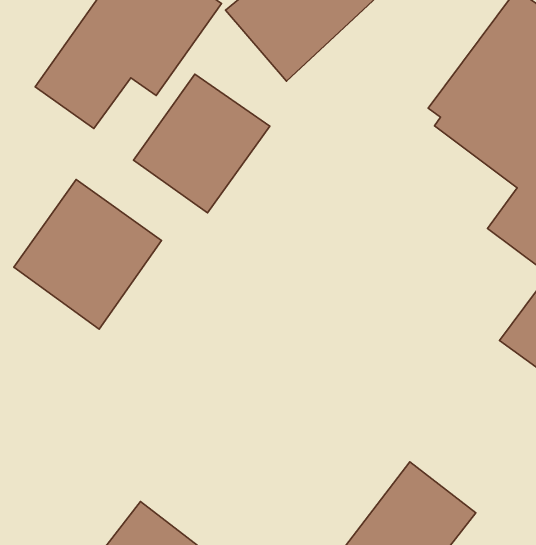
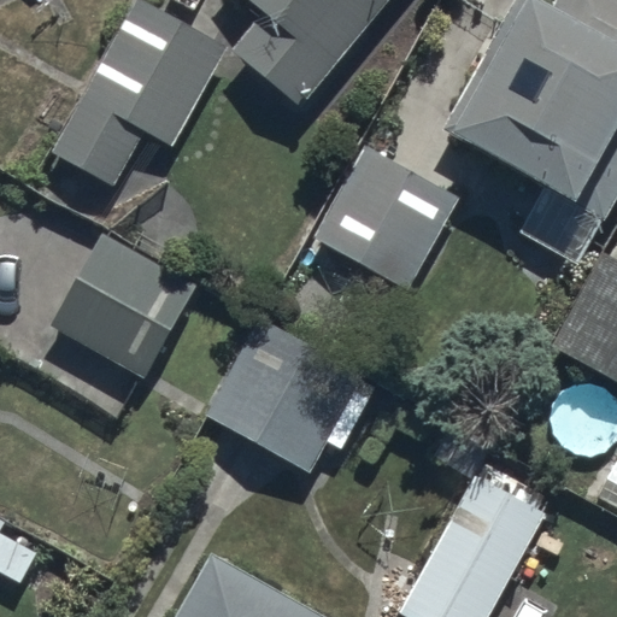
building: [133,74,270,213] -> none
building: none -> [312,147,462,290]
building: none -> [204,318,377,475]

